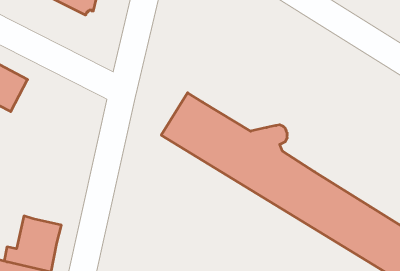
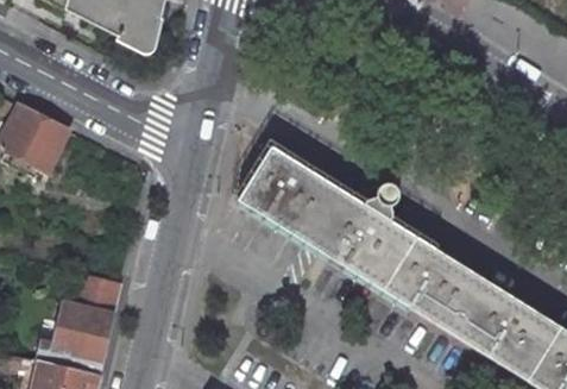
building: none -> [78,274,122,315]

